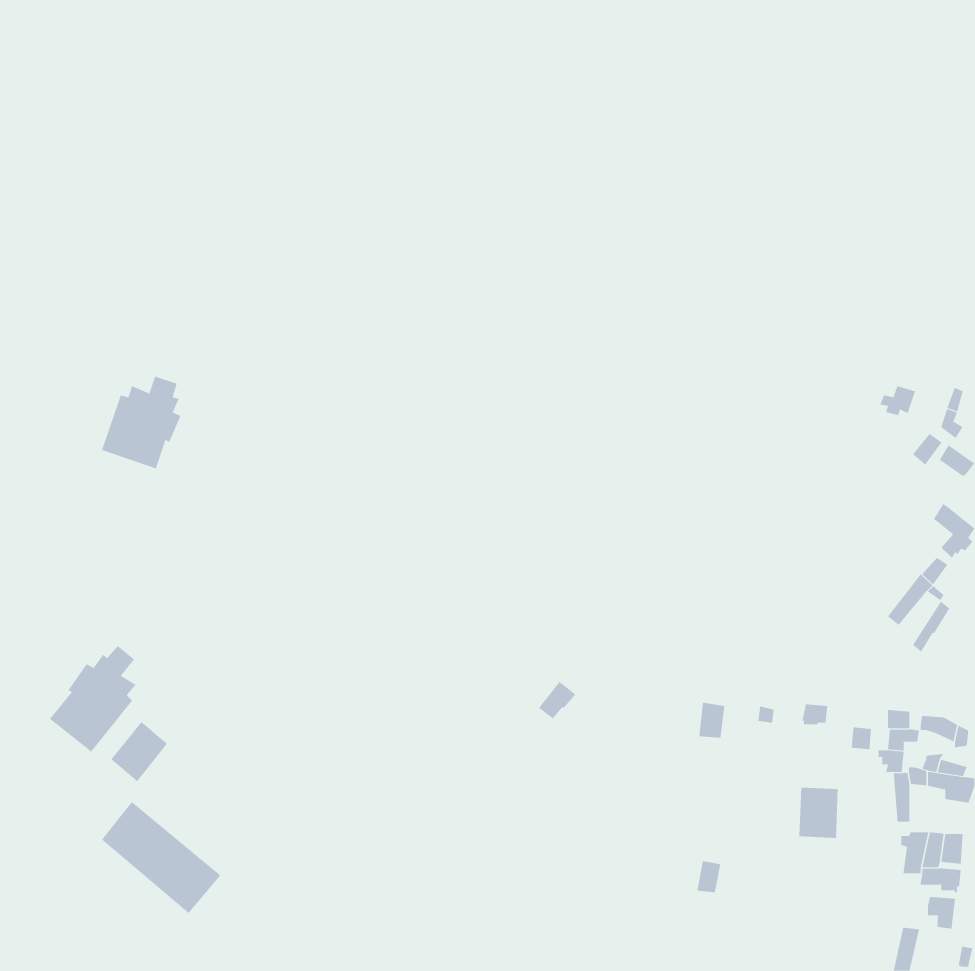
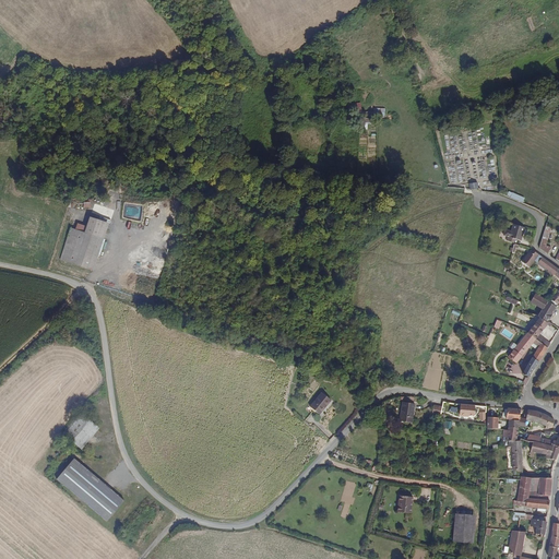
building: [49,645,136,753] -> none
building: [799,787,839,839] -> [453,513,476,543]

